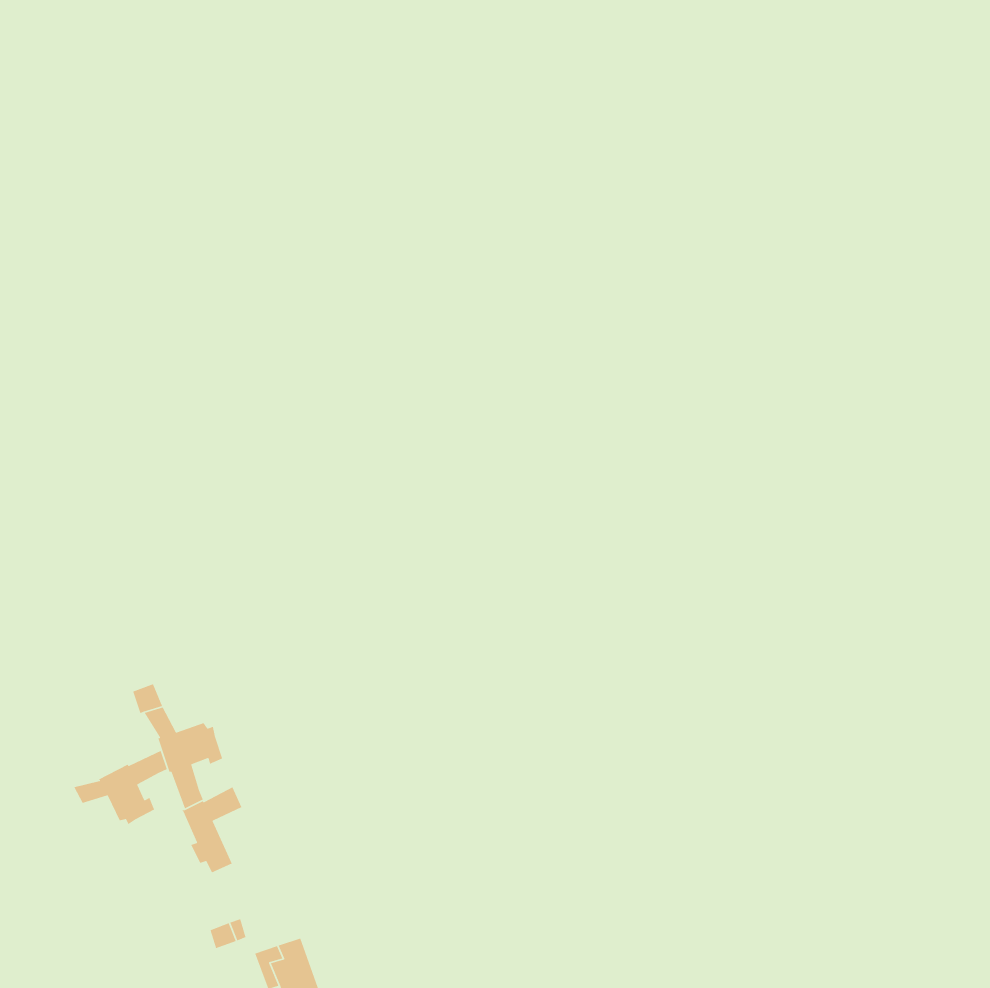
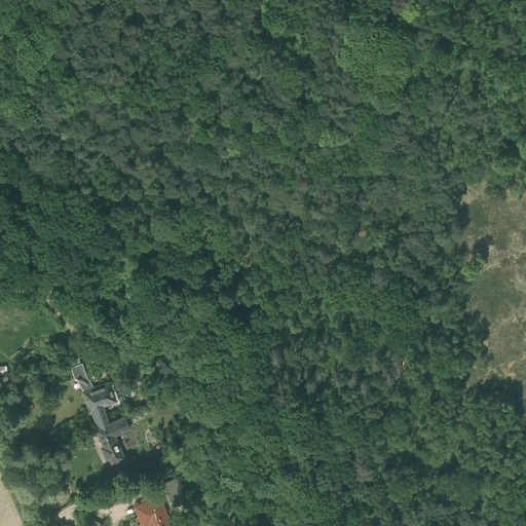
building: [73,750,168,825] -> none

